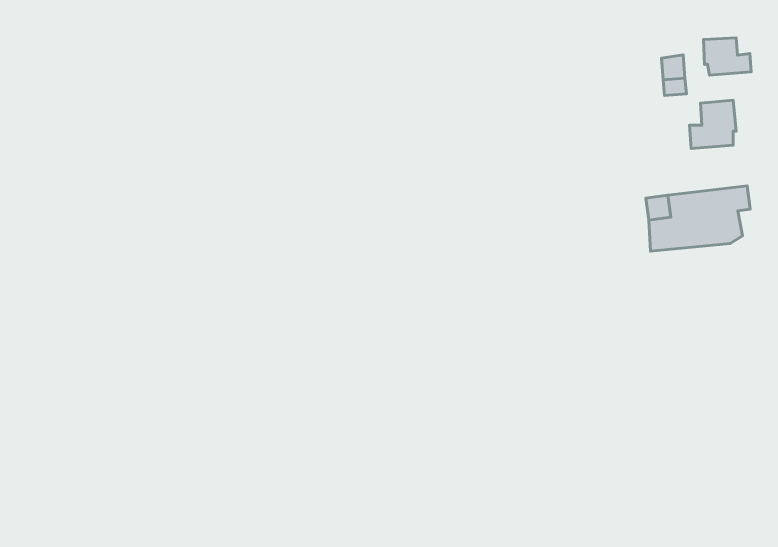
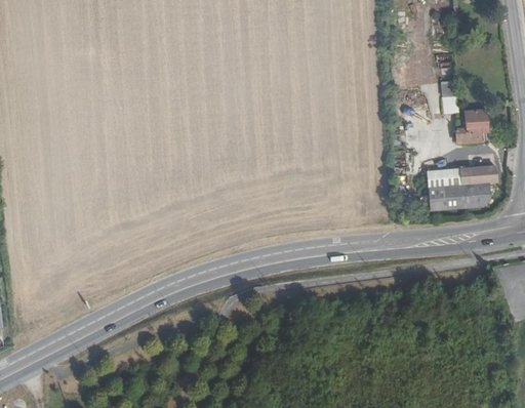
building: [703,38,751,75] -> none

